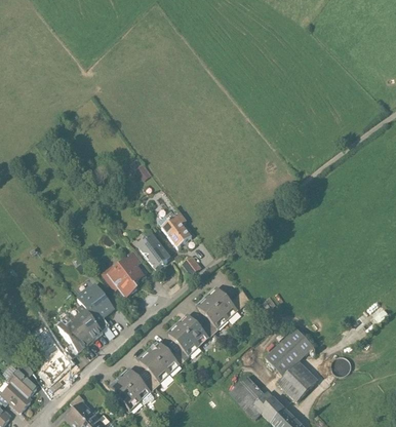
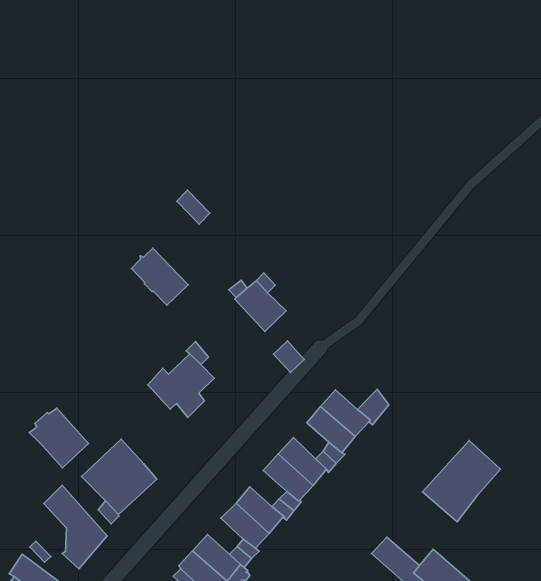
building: [136,232,170,268] -> [131,248,188,305]
building: [77,284,113,321] -> [29,408,89,468]
building: [279,360,317,399] -> none

